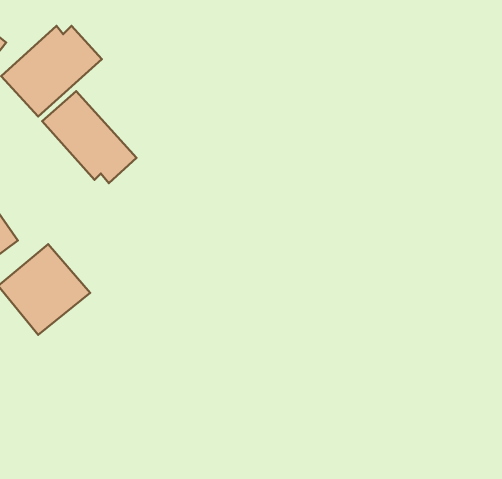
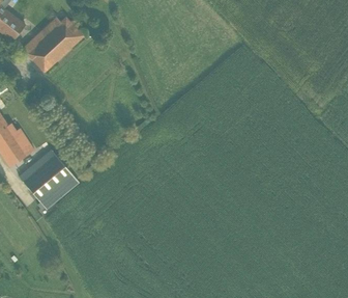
building: [42,91,137,183] -> none

